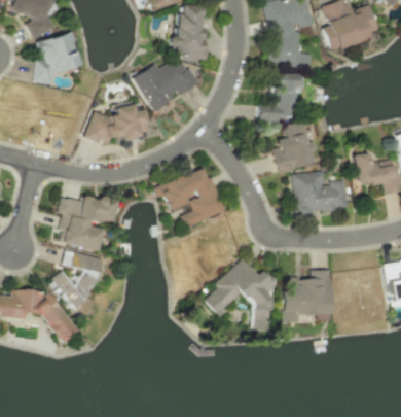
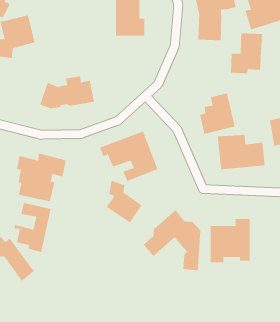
building: [134,56,198,110] -> none
building: [259,72,297,120] -> [230,33,263,74]
building: none -> [106,180,143,224]

